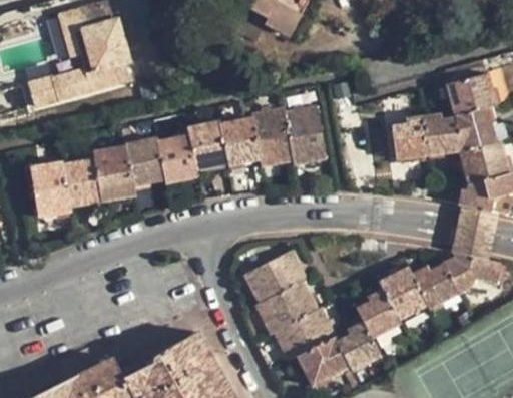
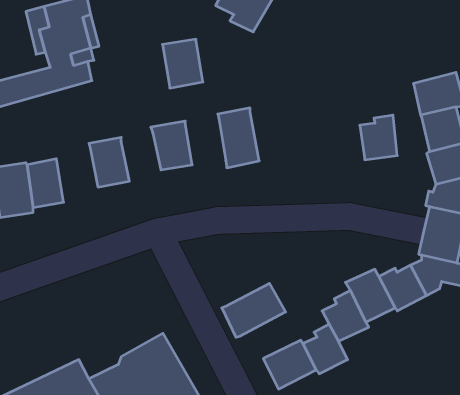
building: [284,107,325,164] -> none
building: [425,114,461,155] -> none
building: [219,118,260,166] -> [162,39,203,88]
building: [156,133,197,183] -> none
building: [91,146,134,202] -> none
building: [243,251,307,305] -> none
building: [274,308,336,361] -> none

